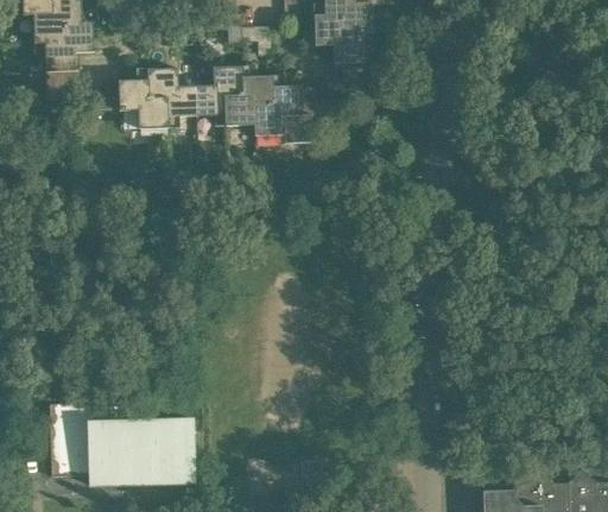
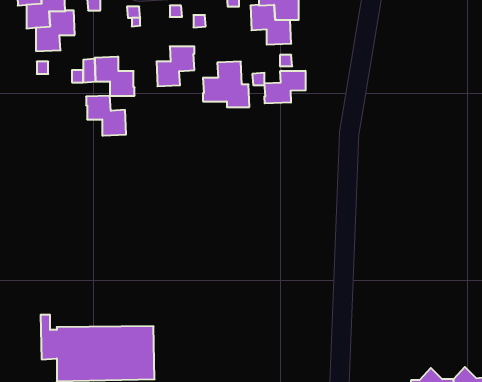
building: [147,68,197,118] -> [86,96,126,136]
building: [224,76,273,126] -> none
building: none -> [264,71,306,103]

